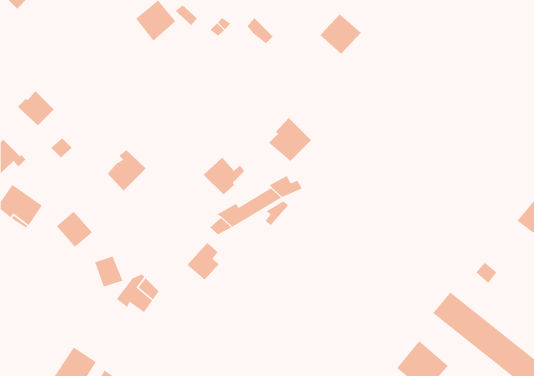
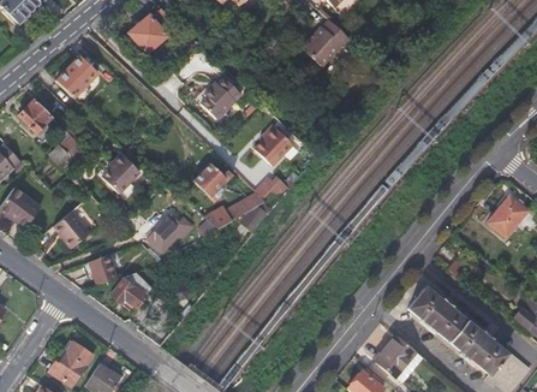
building: none -> [56,54,99,96]
building: none -> [202,78,240,118]
building: [187,242,220,280] -> [148,215,179,251]

